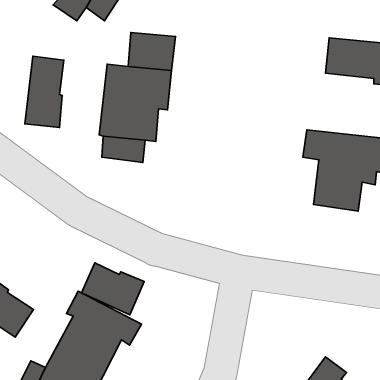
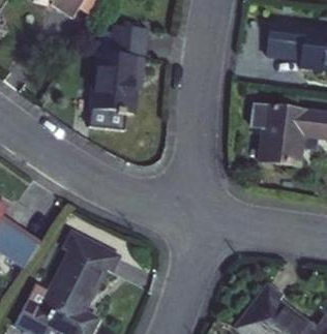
building: [25,56,64,128] -> none
building: [81,263,144,315] -> none

